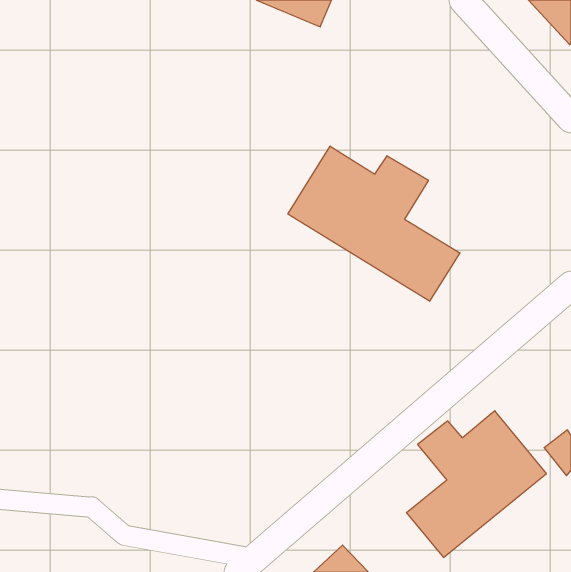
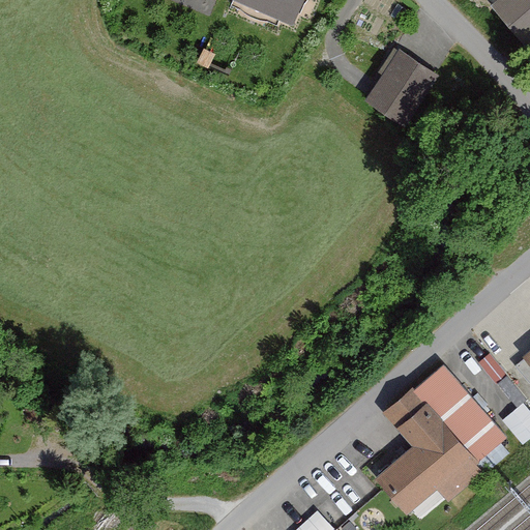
building: none -> [363,52,436,129]
building: [288,146,460,301] -> none

